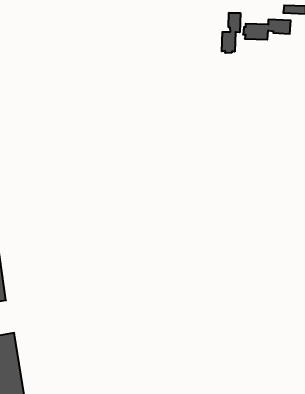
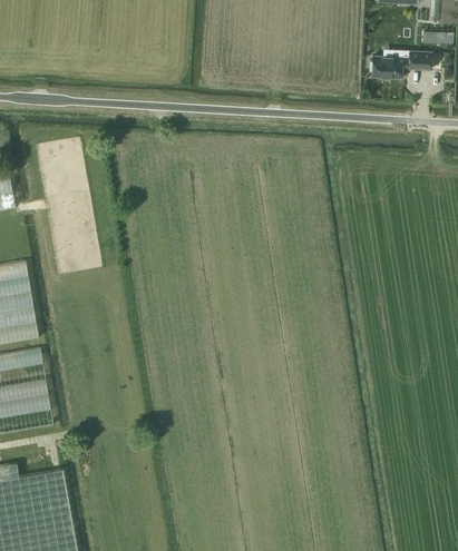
building: [222,13,240,53] -> none

